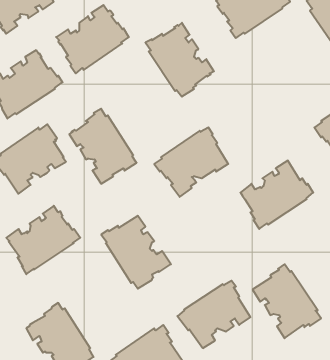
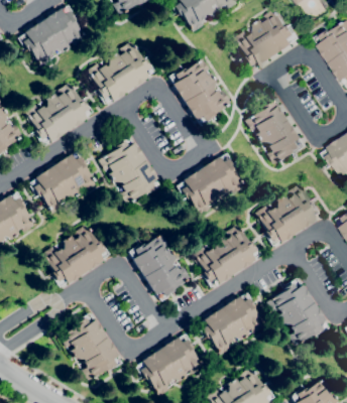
building: none -> [244,97,307,163]
building: none -> [193,225,260,286]

